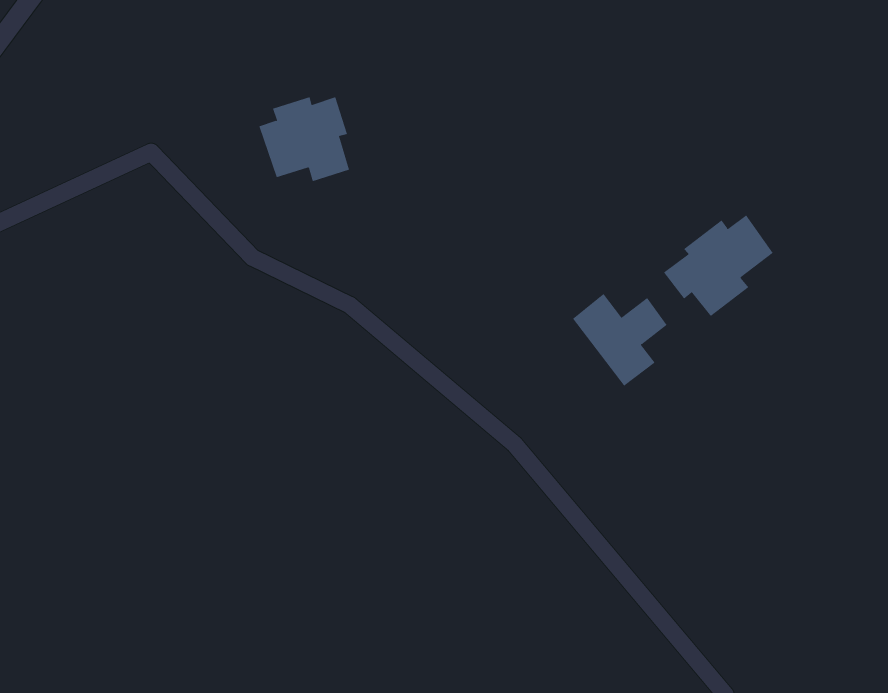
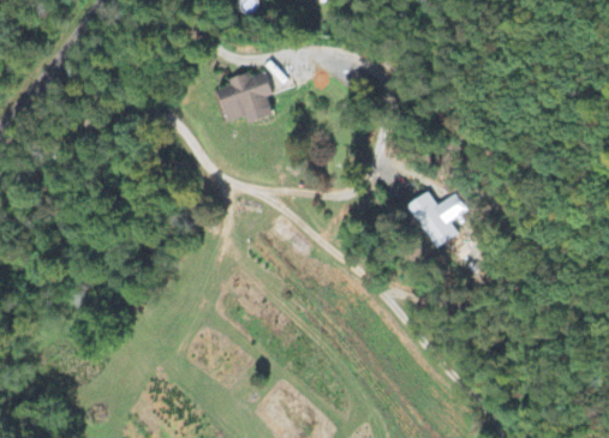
building: [663,214,773,317] -> none

